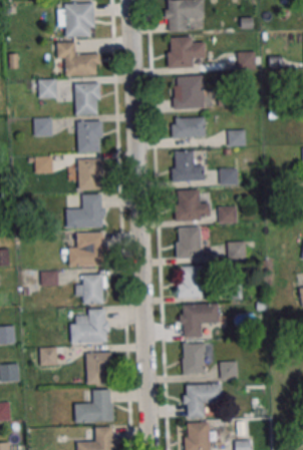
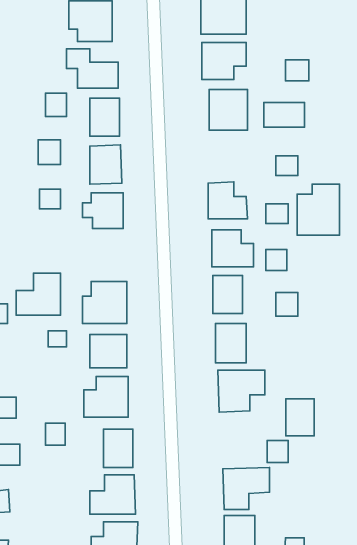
building: [173,118,206,138] -> [264,103,304,127]
building: none -> [297,184,340,235]
building: [67,194,103,229] -> [16,273,60,315]
building: [183,344,206,374] -> [286,399,314,436]

